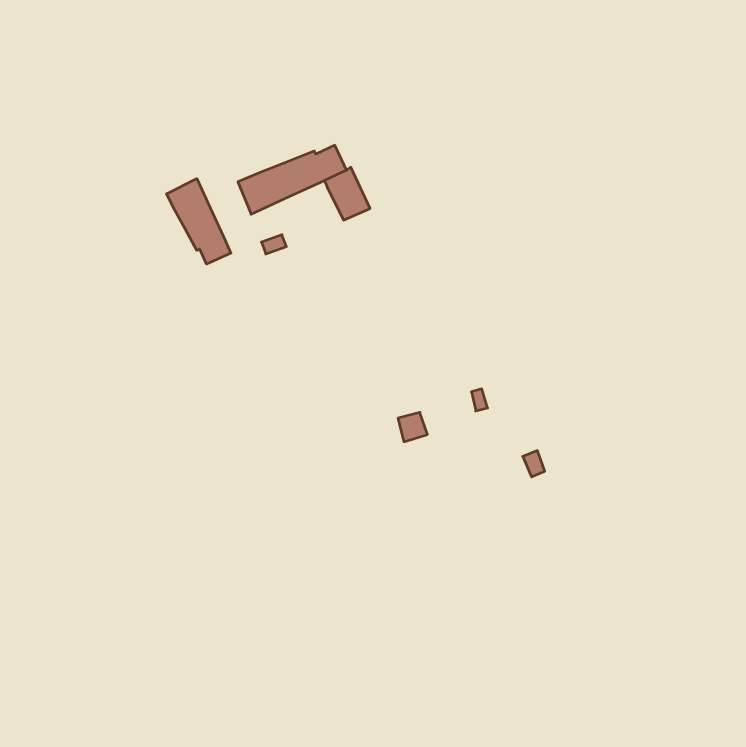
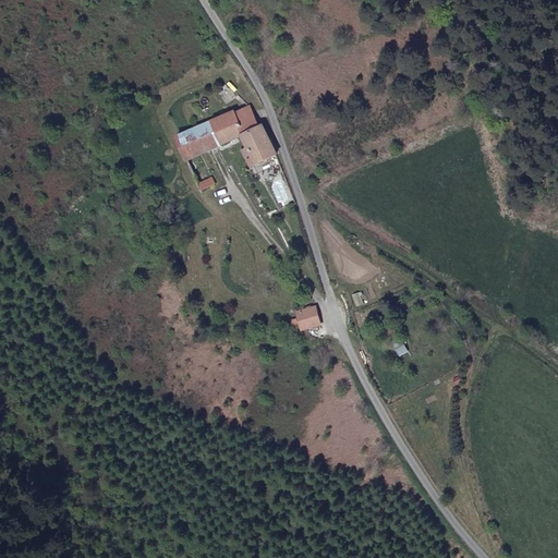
building: [167,179,231,264] -> none

